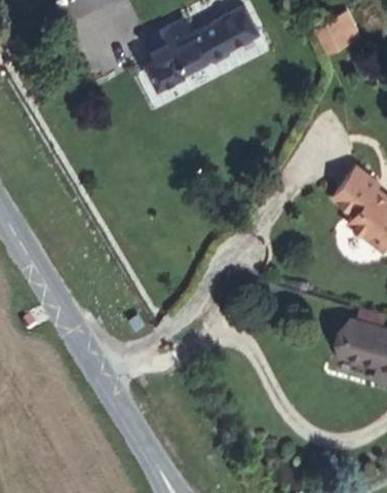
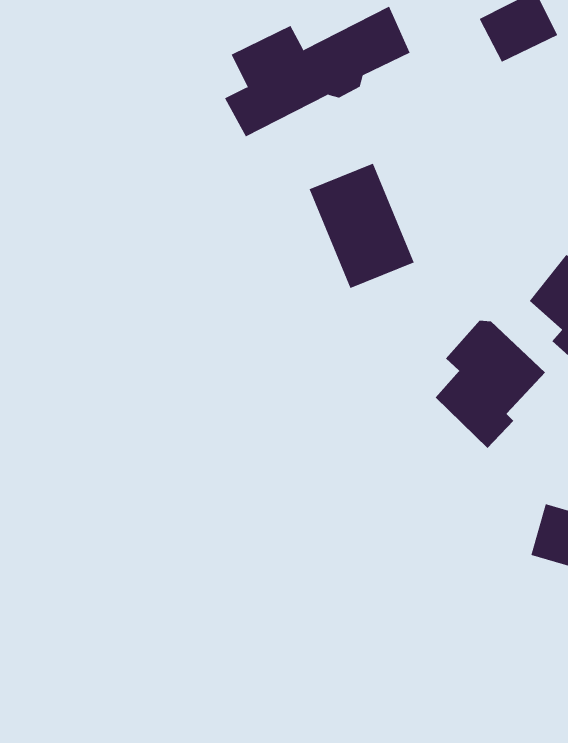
building: none -> [309,163,414,289]
building: none -> [435,320,546,449]

